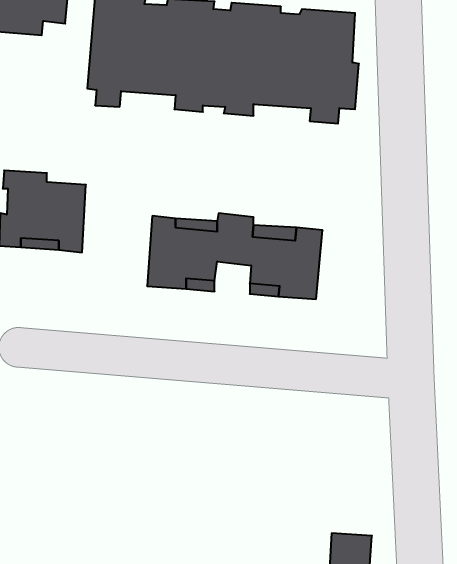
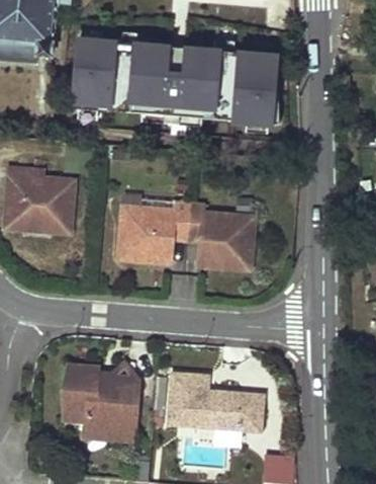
building: none -> [61,366,137,431]
building: none -> [165,373,261,430]

